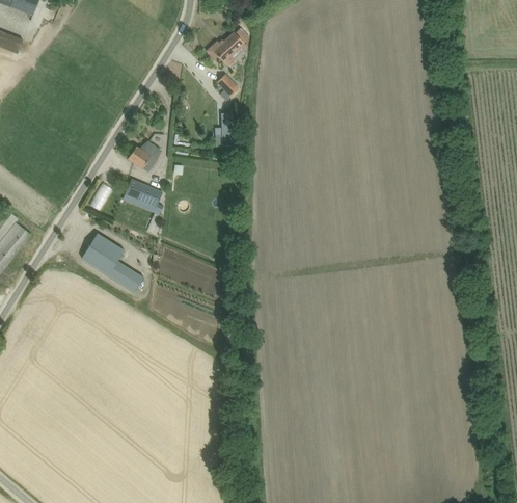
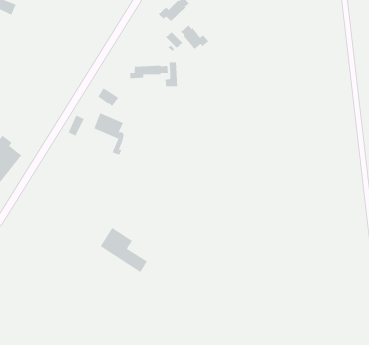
building: none -> [181,24,209,50]
building: none -> [130,65,168,79]
building: [81,233,143,292] -> [100,227,148,273]

